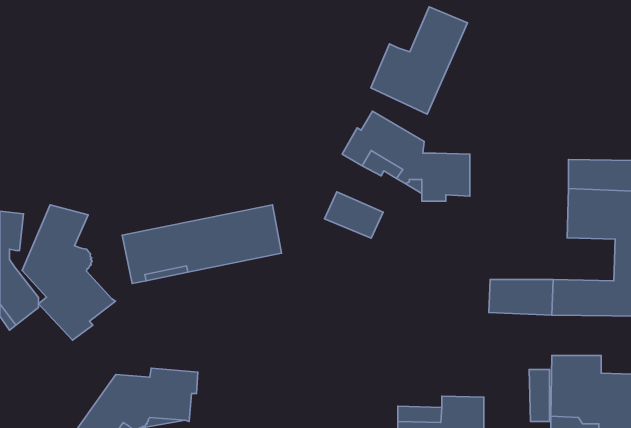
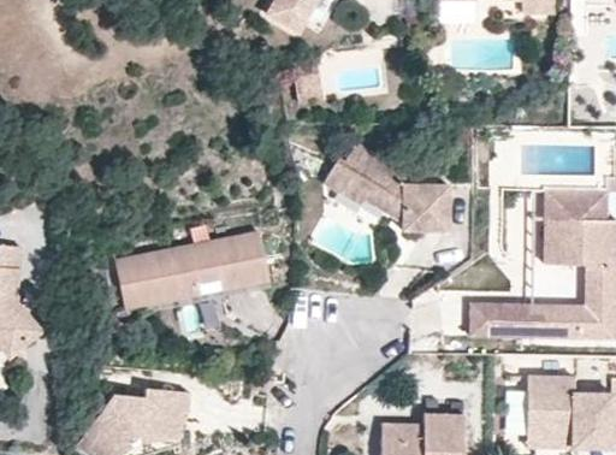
building: [371,7,467,114] -> none
building: [325,192,383,238] -> none
building: [22,205,116,340] -> none

